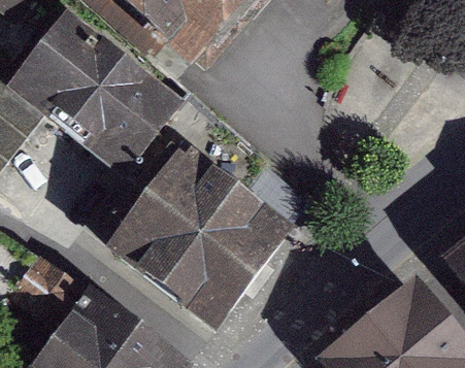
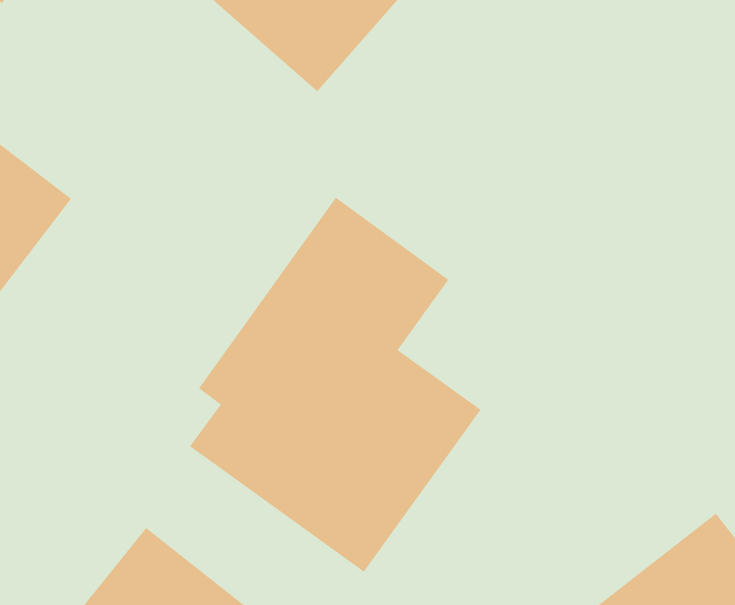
building: [24,25,176,170] -> none

